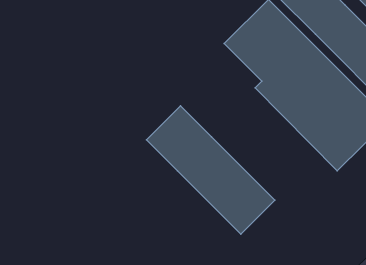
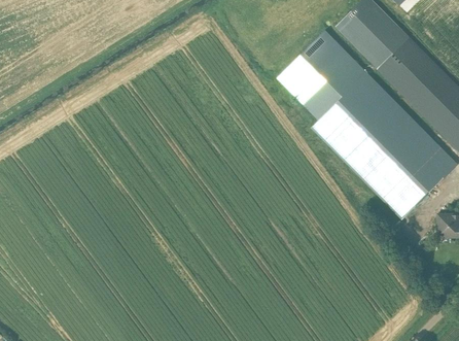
building: [146,106,275,234] -> none

